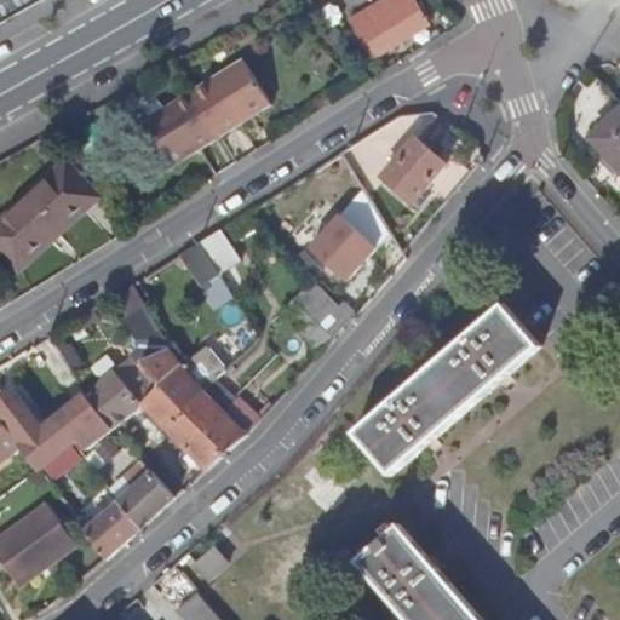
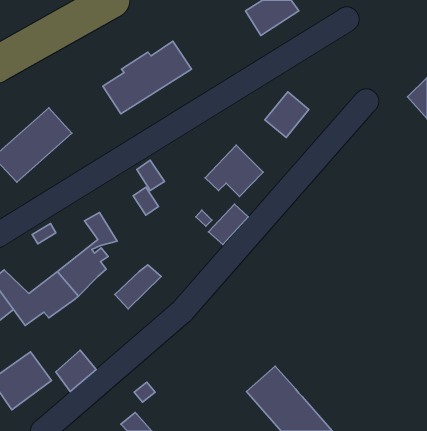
building: [349,305,536,477] -> none
building: [132,338,226,423] -> none
building: [184,396,257,466] -> none
building: [115,473,171,530] -> none

